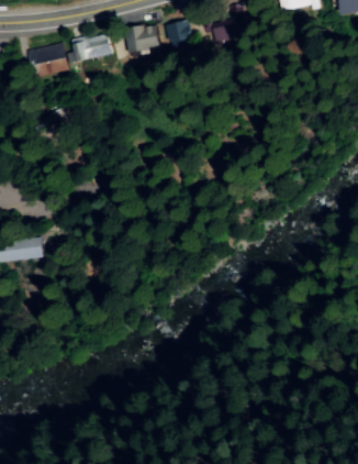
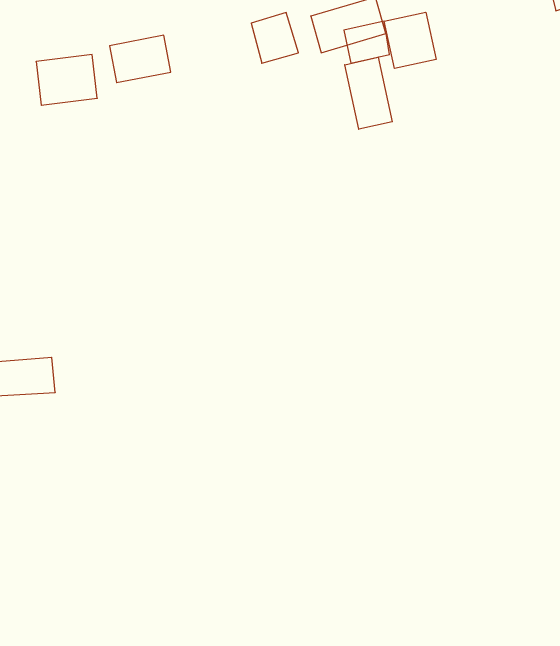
building: none -> [384,12,436,68]
building: [126,25,159,51] -> none
building: none -> [345,57,392,129]

